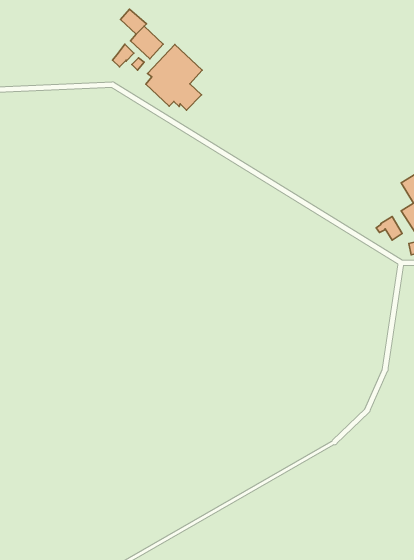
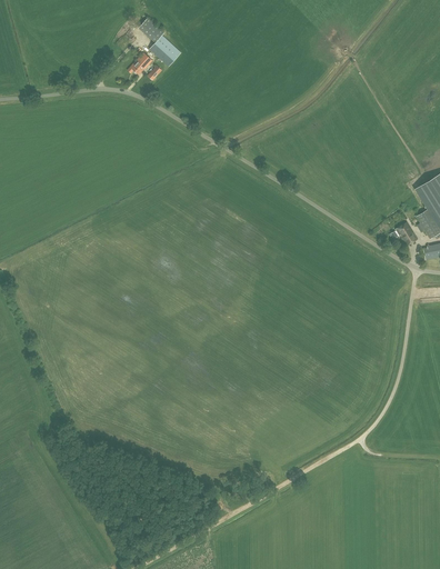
building: [146,44,202,110] -> none

